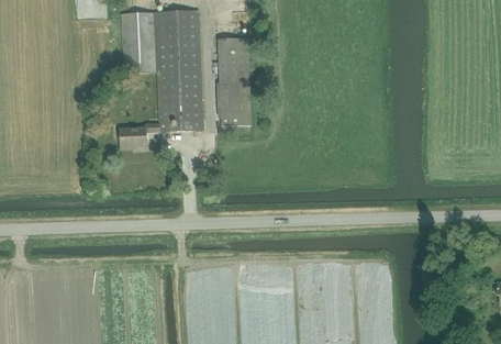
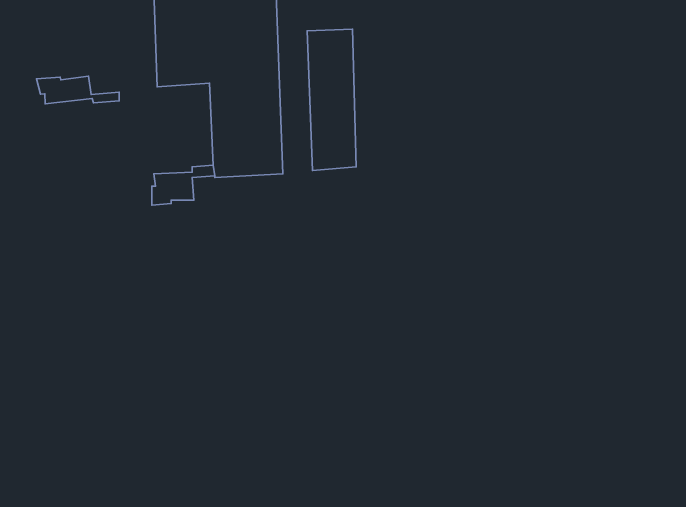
building: none -> [36,76,119,104]

